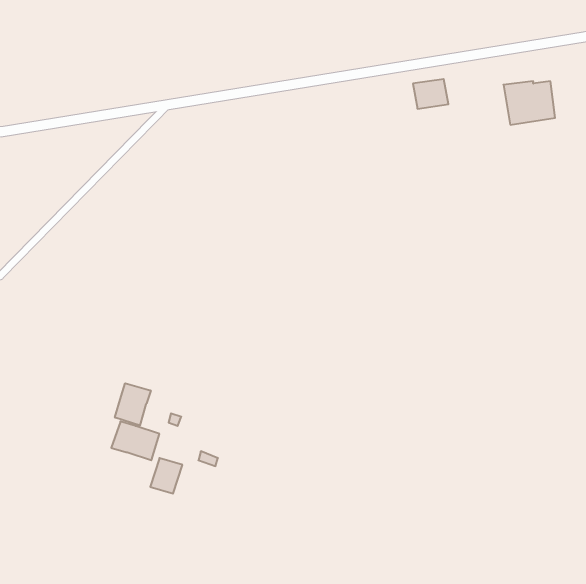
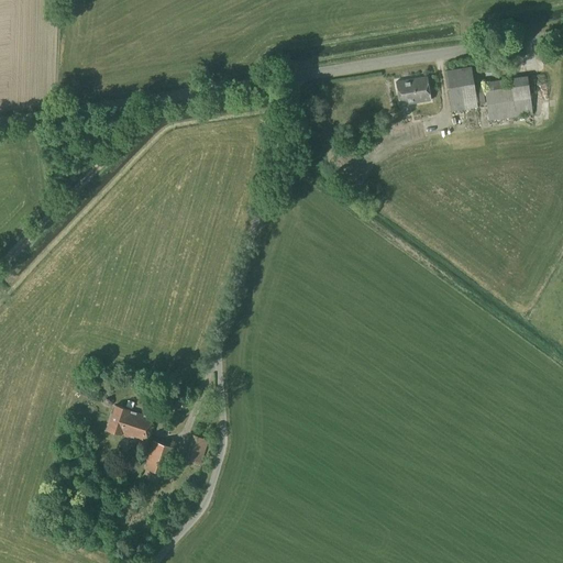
building: none -> [444,66,477,111]
building: [115,383,151,426] -> none

